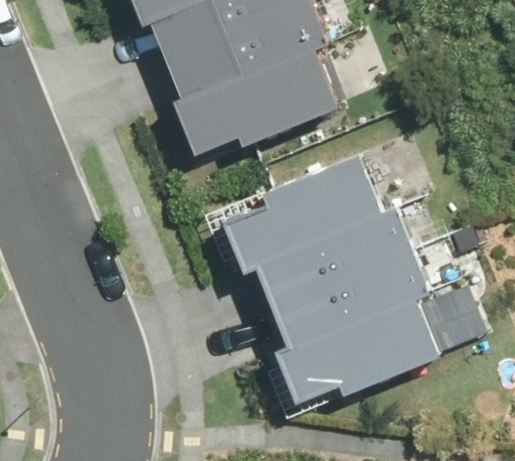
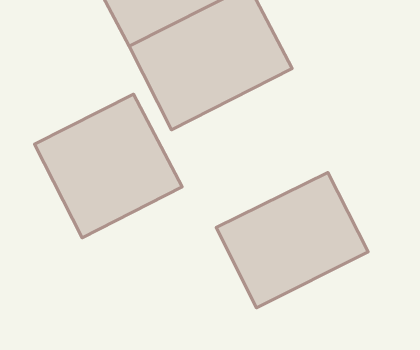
building: none -> [35,94,182,238]
building: [219,138,395,292] -> none

